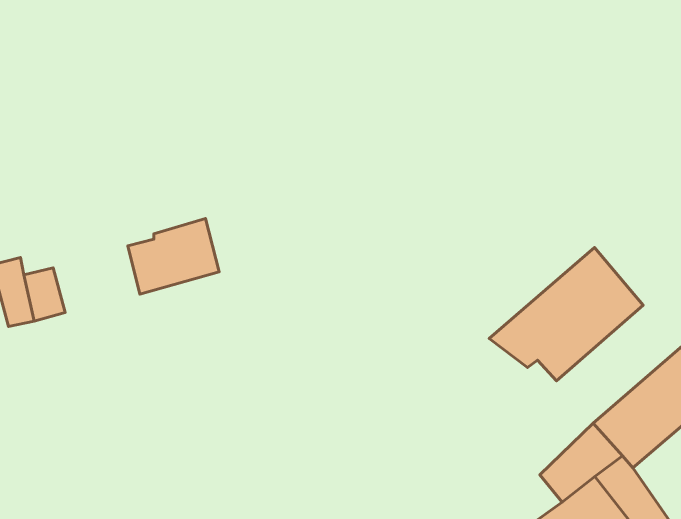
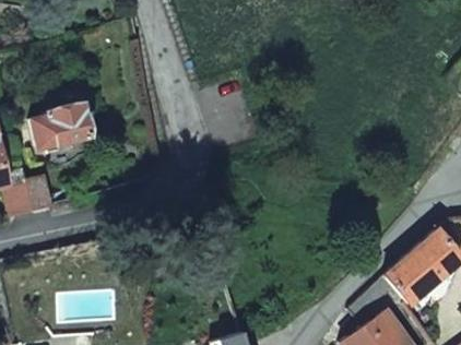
building: [128,218,219,294] -> [29,102,87,150]
building: [489,248,643,381] -> none

